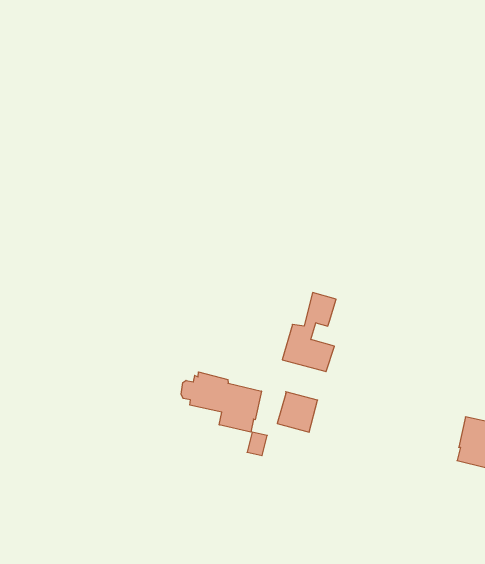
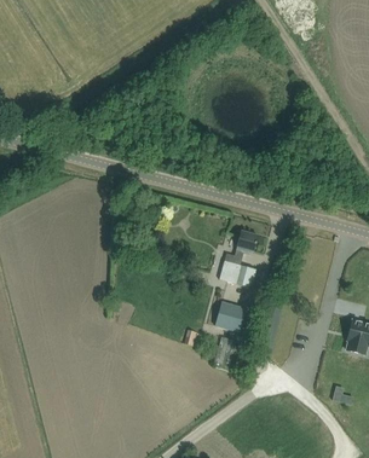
building: [181,372,261,432] -> none

